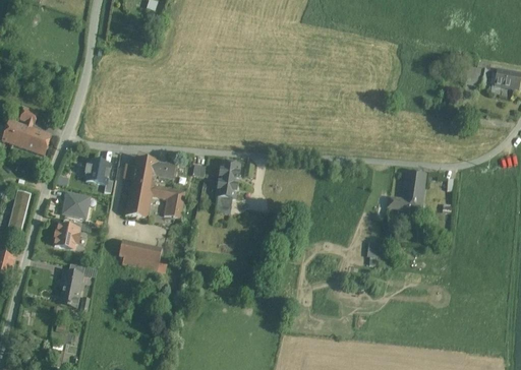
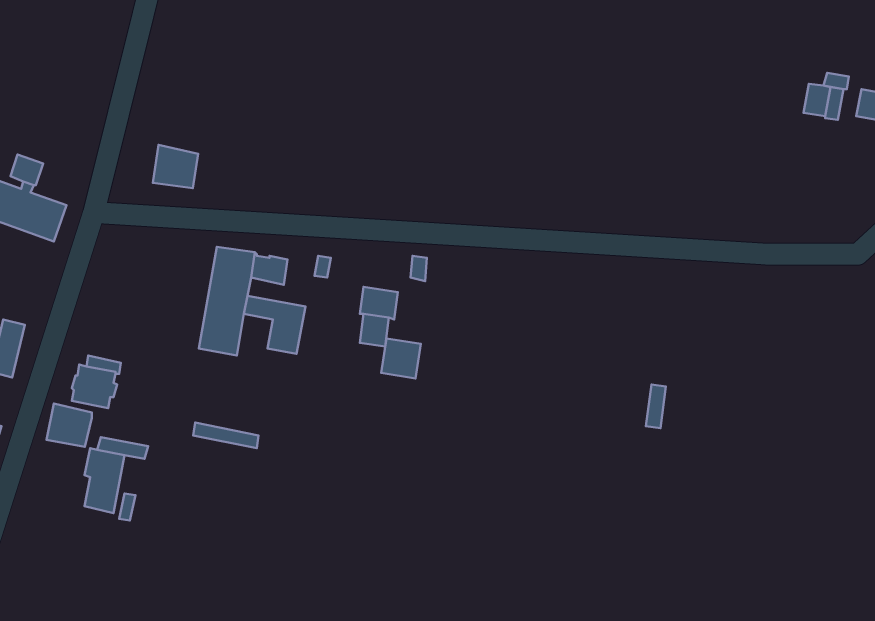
building: [84,159,110,183] -> [153,145,198,188]
building: [218,161,240,183] -> [381,339,421,378]
building: [388,170,425,210] -> none
building: [63,192,89,217] -> [47,403,92,447]
building: [119,240,162,263] -> none

